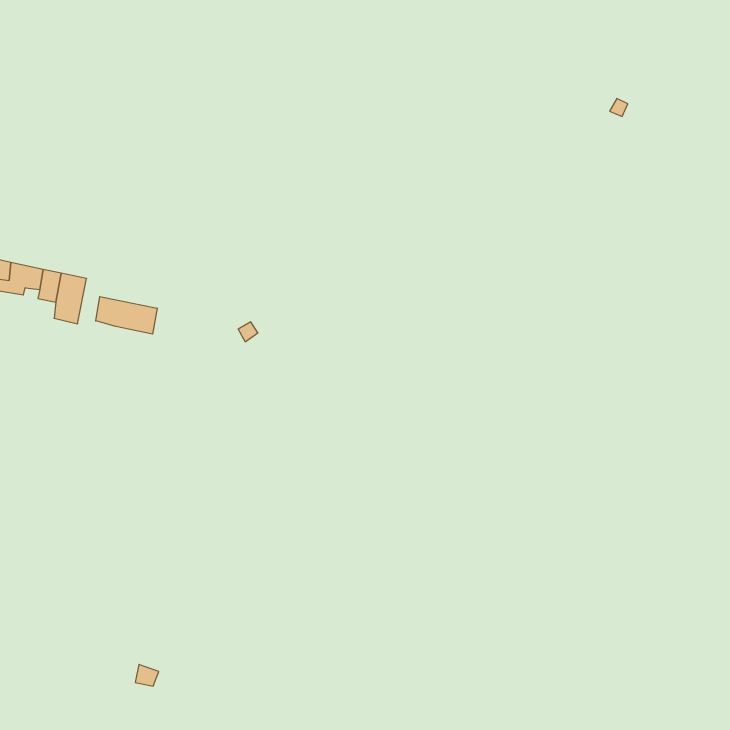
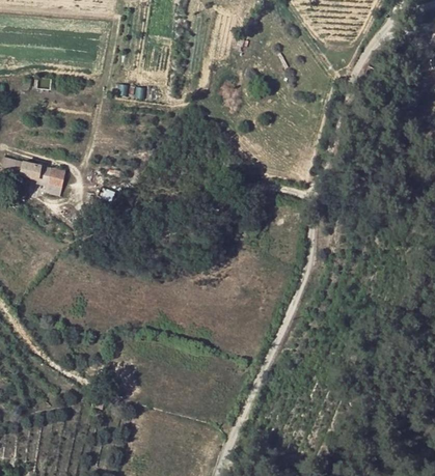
building: [96,297,157,334] -> none

